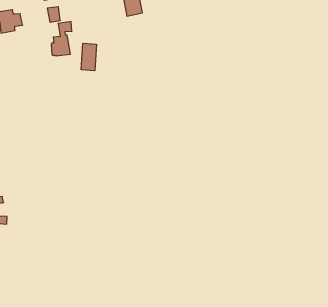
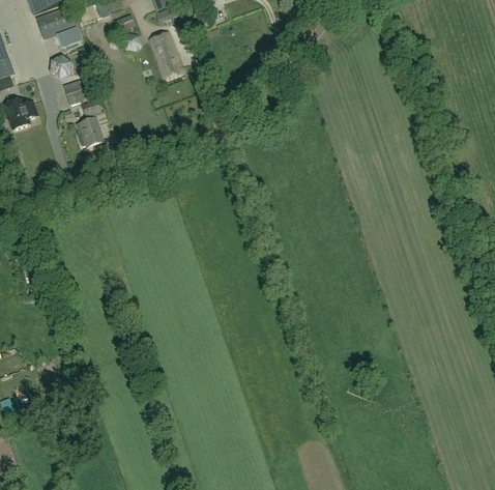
building: [81,43,96,71] -> none

